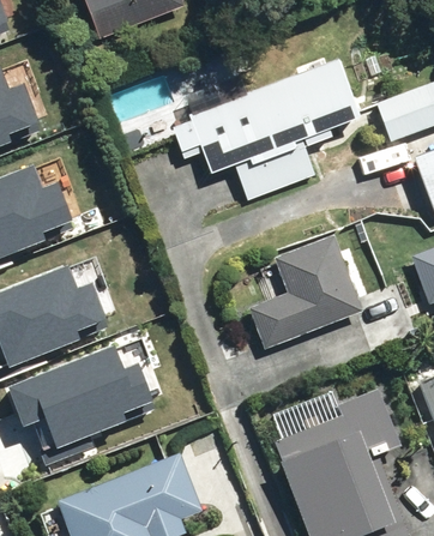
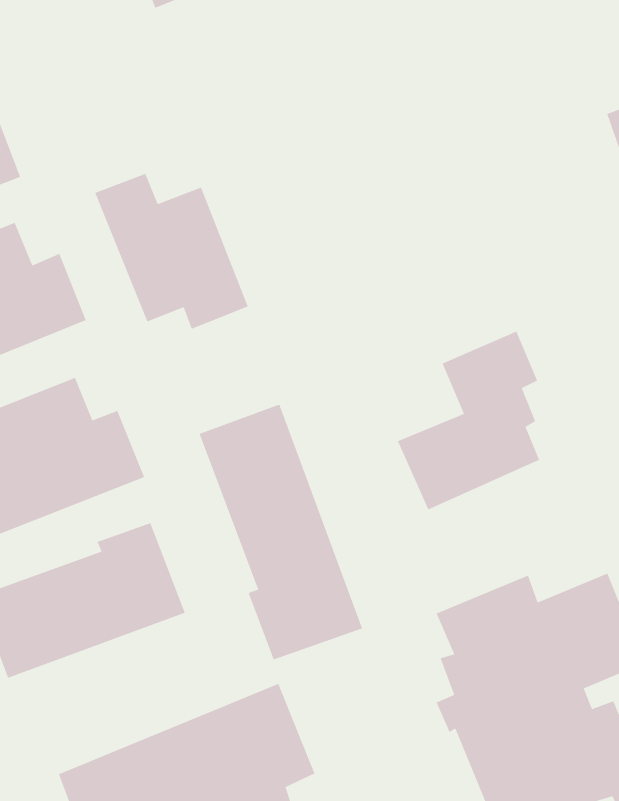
building: [176,58,366,189] -> none
building: none -> [94,173,249,330]
building: none -> [198,404,363,660]

